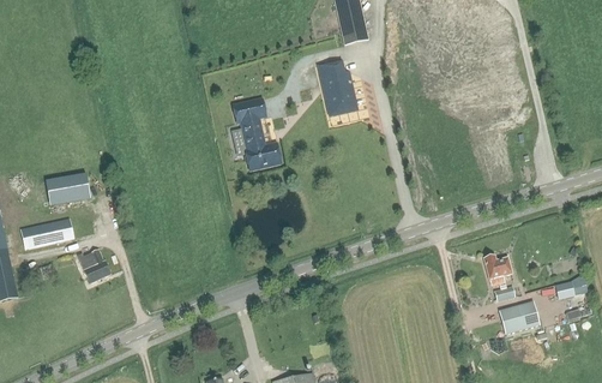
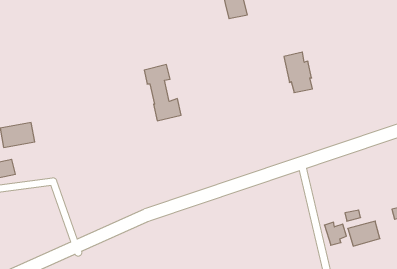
building: [318,59,355,112] -> [284,52,312,93]
building: [77,249,110,283] -> none
building: [483,255,512,285] -> [324,222,346,245]

